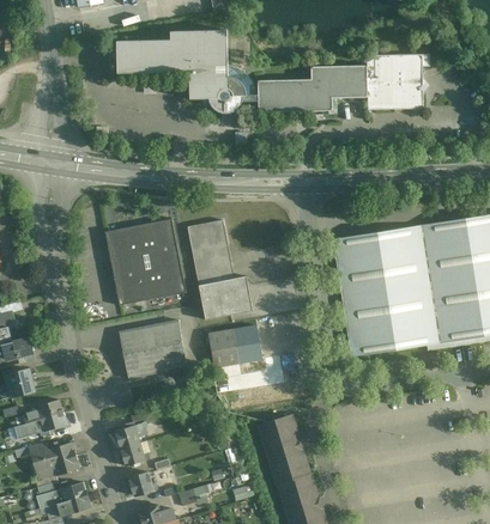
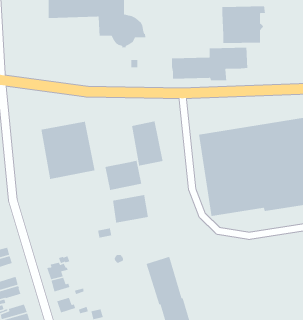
building: [256,65,367,114] -> [171,47,248,81]
building: [187,219,234,285] -> [131,120,164,166]
building: [119,319,186,378] -> none

